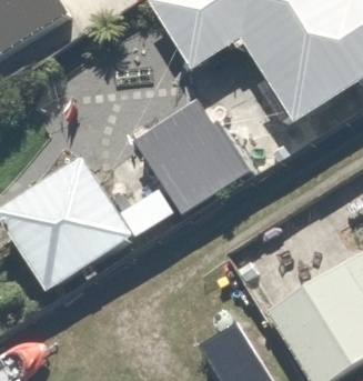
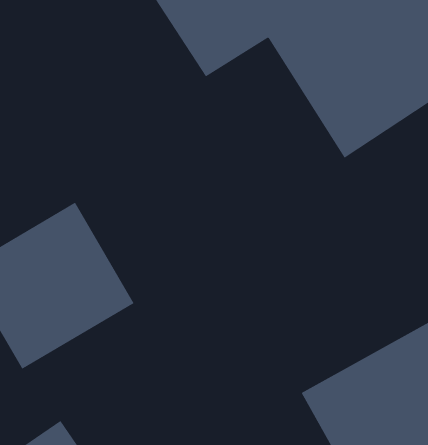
building: [127,106,250,224] -> none

